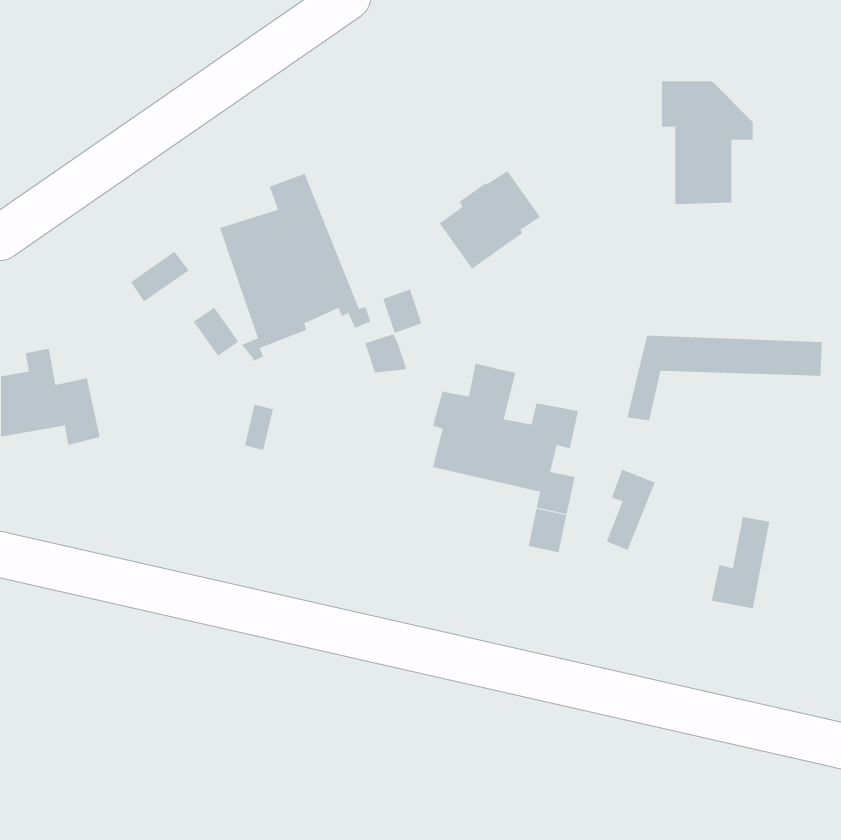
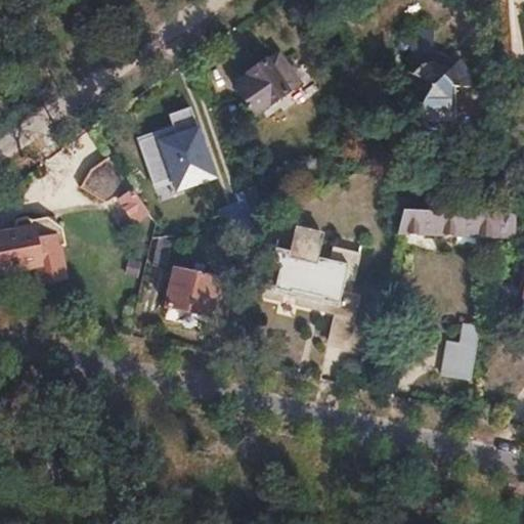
building: [439,171,541,270] -> [236,53,300,115]
building: none -> [167,261,218,315]
building: [606,469,655,551] -> none

